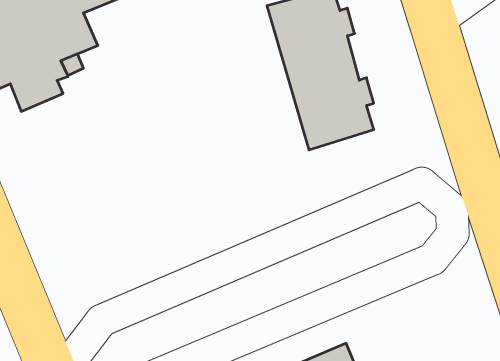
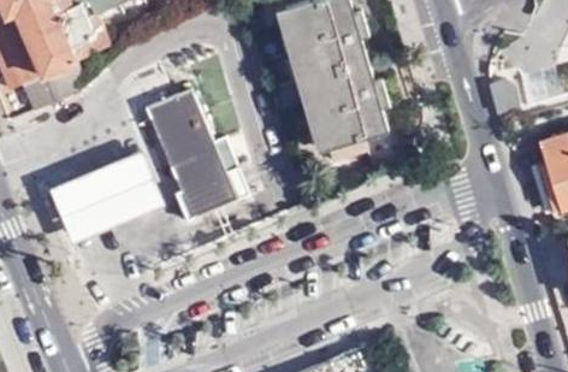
building: none -> [141,89,235,220]
building: none -> [46,150,161,244]

